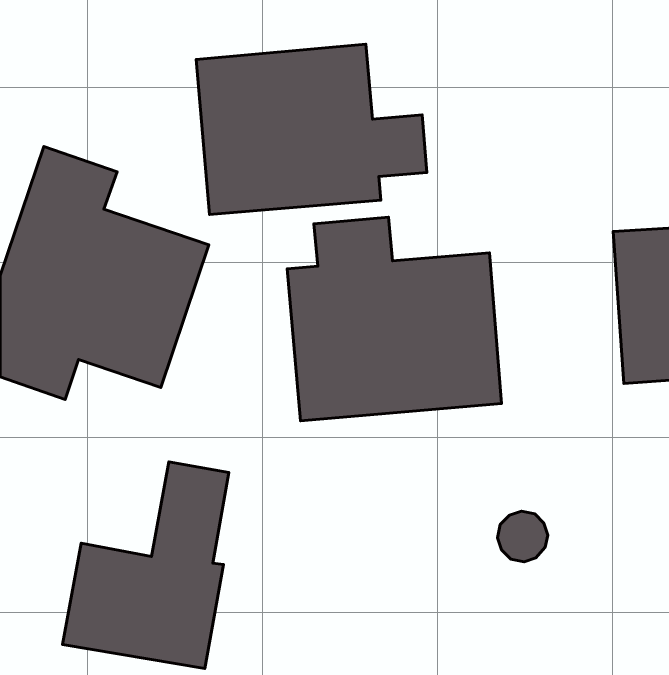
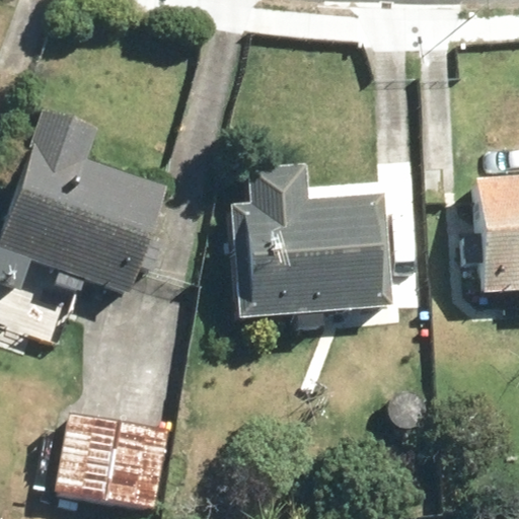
building: [196,44,427,215] -> none

